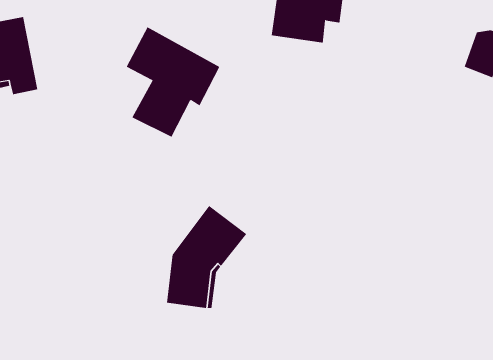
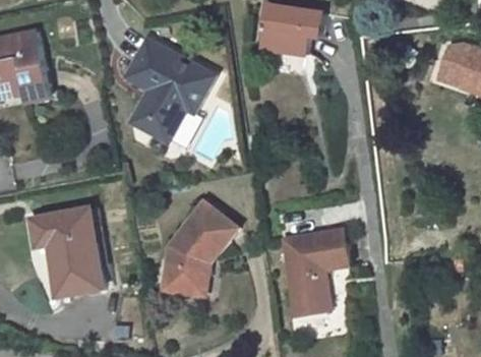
building: none -> [32,209,105,297]
building: none -> [284,229,349,316]

